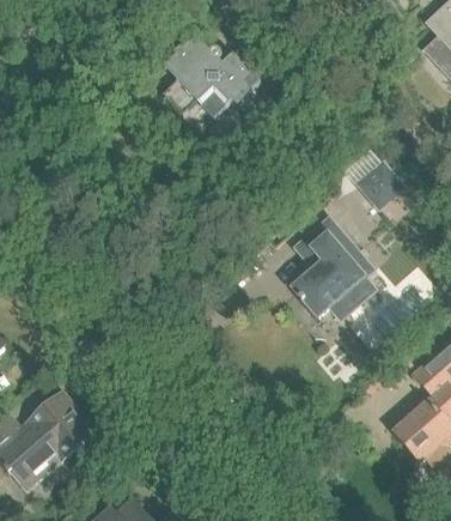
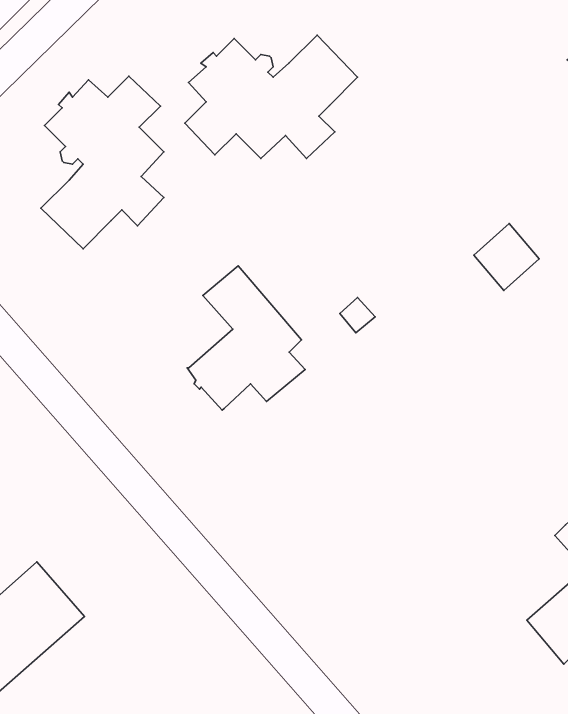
building: none -> [41,76,164,249]
building: [293,218,373,316] -> [187,266,305,410]

